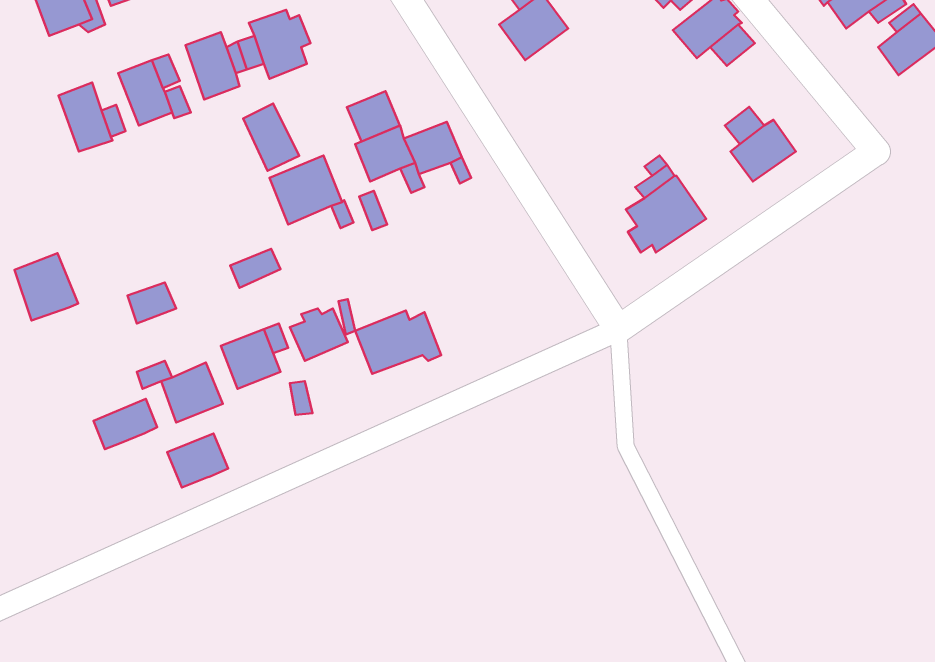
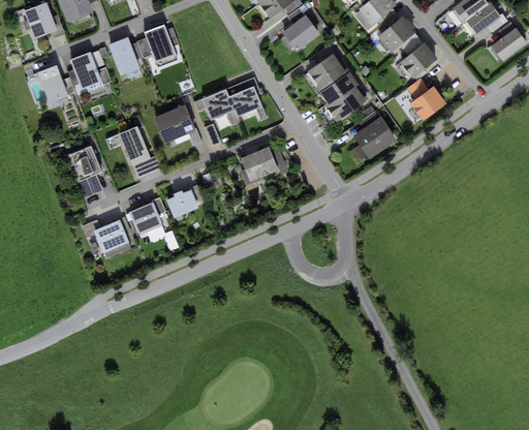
building: none -> [400,42,436,78]
building: none -> [308,54,368,122]
building: [347,91,400,142] -> none
building: [243,104,299,171] -> [118,127,149,164]
building: [15,253,78,320] -> [66,146,101,183]
building: [355,310,441,374] -> [240,147,287,182]
building: [93,399,157,449] -> none
building: [167,433,228,488] -> none

